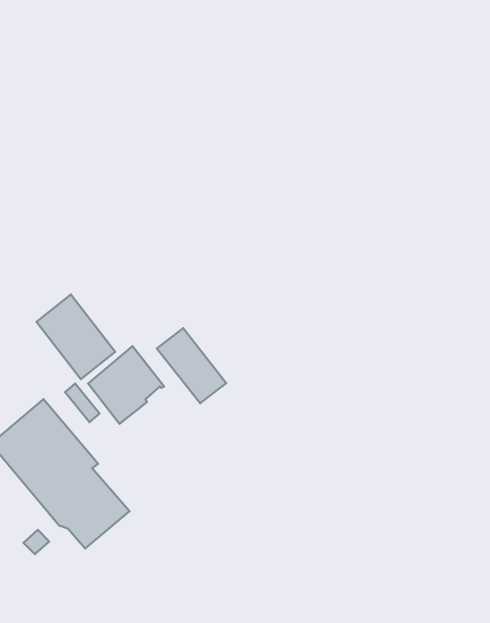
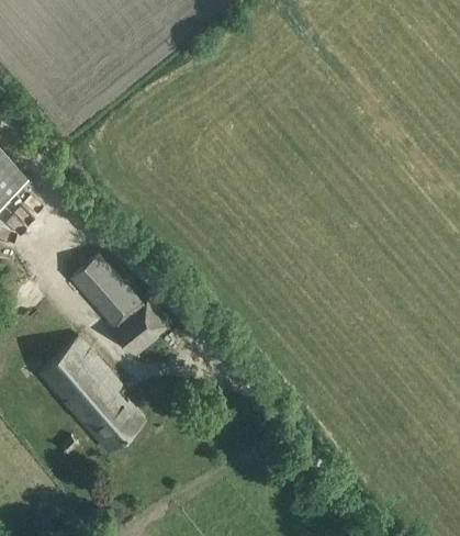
building: [157,328,226,403] -> none

